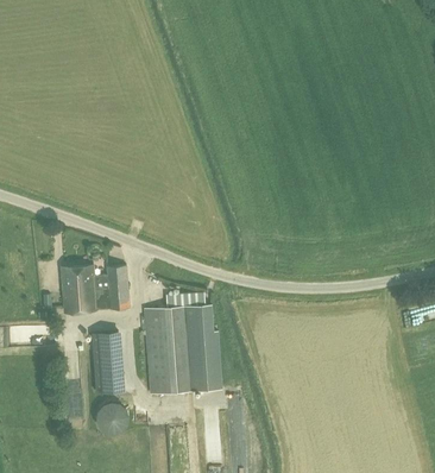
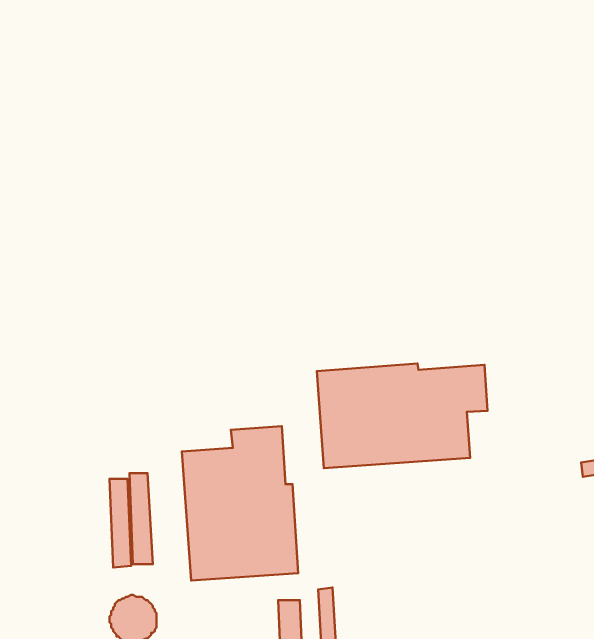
building: none -> [317,363,488,468]
building: [61,265,128,311] -> none

